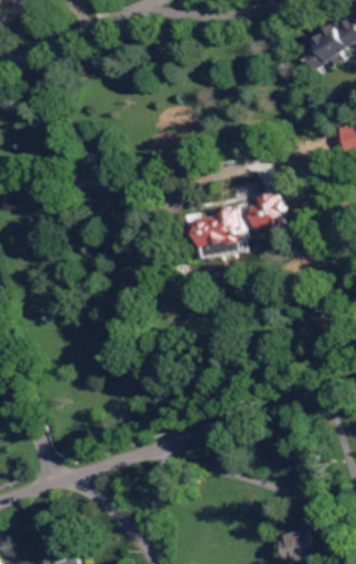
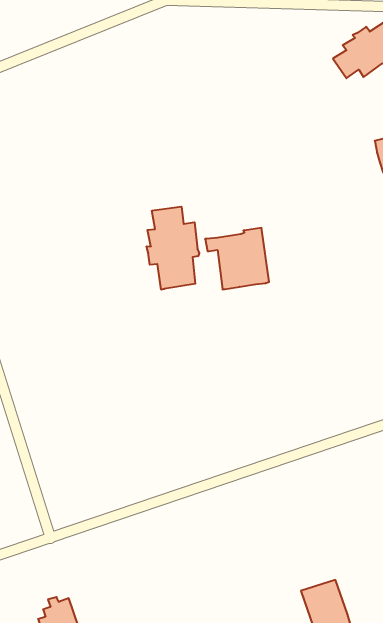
building: none -> [147,207,199,290]
building: [247,189,283,230] -> none

